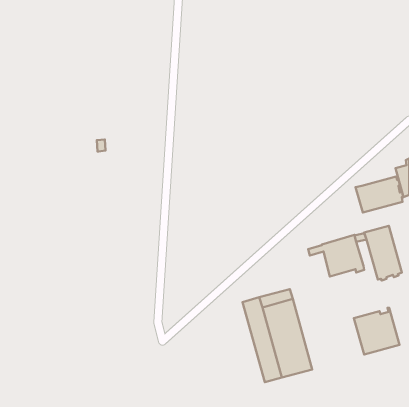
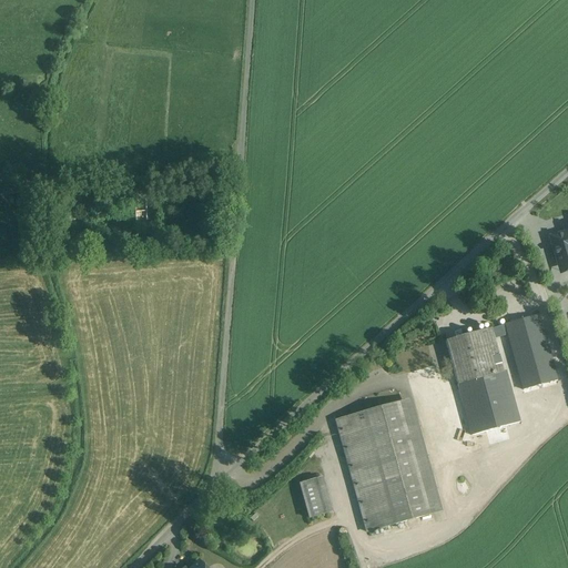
building: [356,177,403,213] -> none
building: [354,308,400,354] -> [457,368,520,433]
building: none -> [300,476,332,516]

